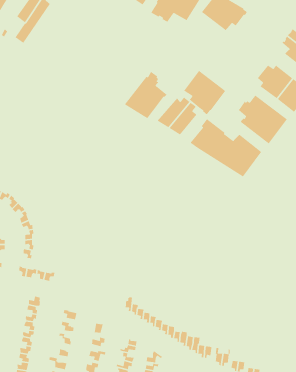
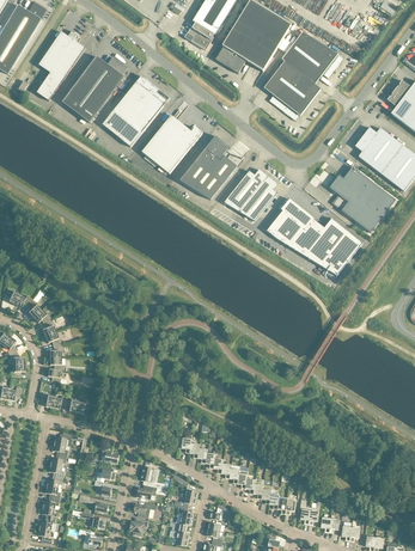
building: none -> [61,55,127,122]
building: none -> [102,74,169,146]
building: none -> [141,115,202,172]
building: [183,70,226,115] -> [263,60,319,120]

